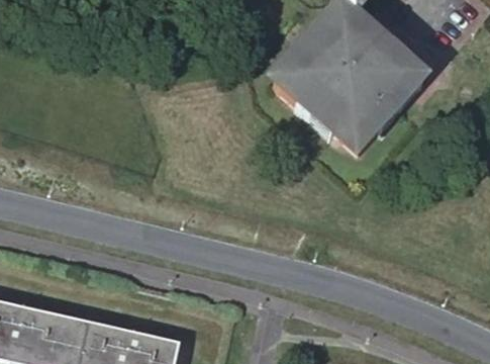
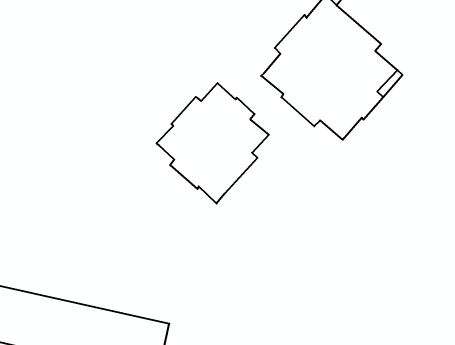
building: none -> [157,83,269,204]

